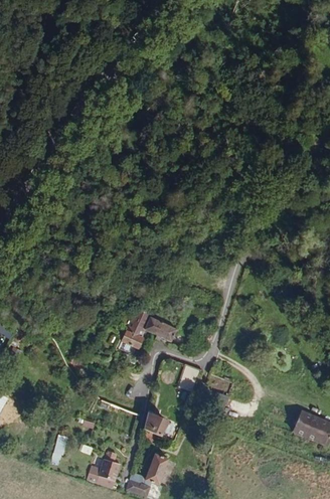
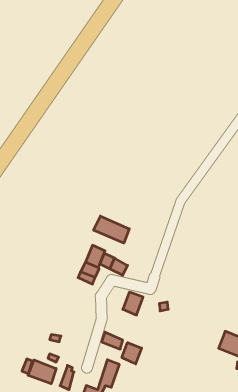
building: none -> [94,216,129,243]
building: none -> [122,343,142,364]
building: none -> [28,360,56,384]

